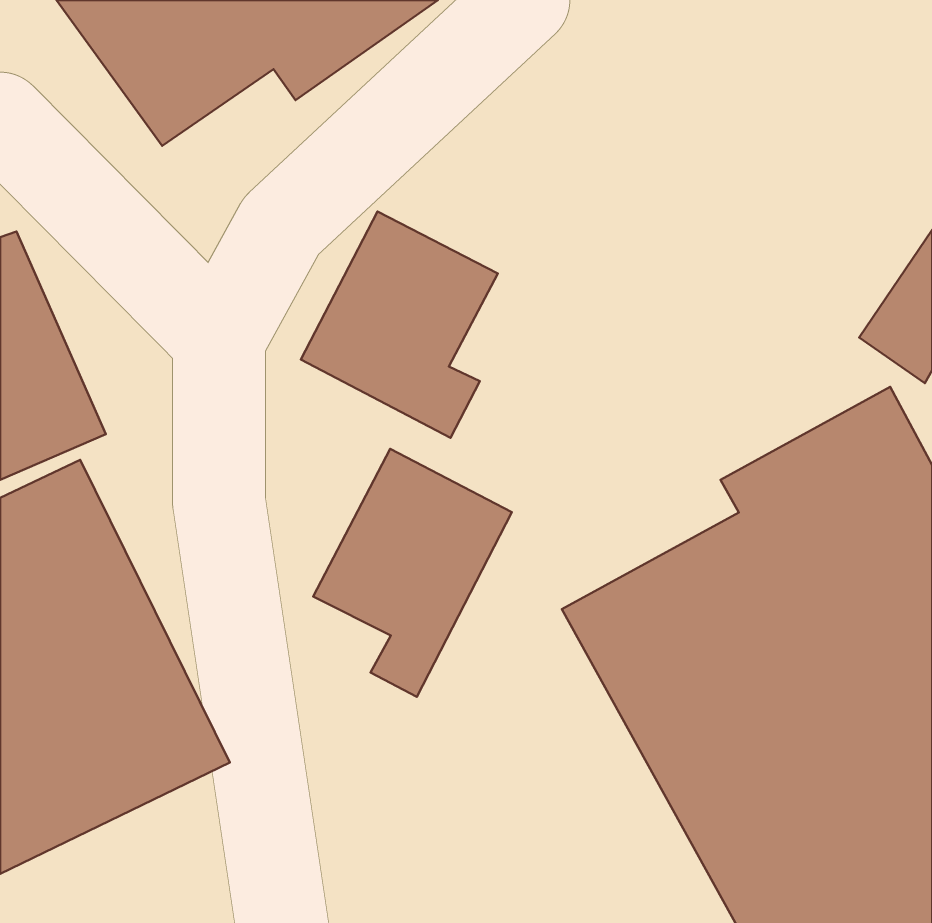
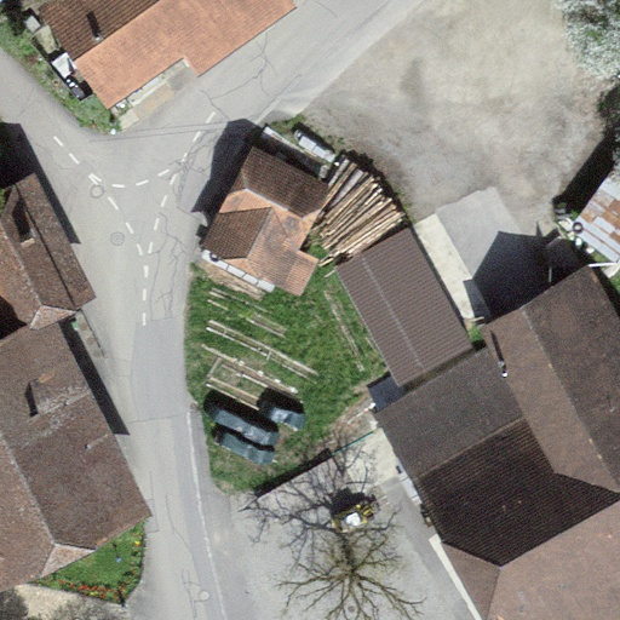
building: none -> [334,230,470,383]
building: [313,449,512,697] -> none

